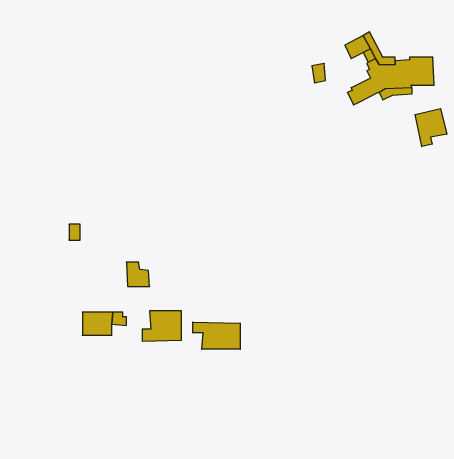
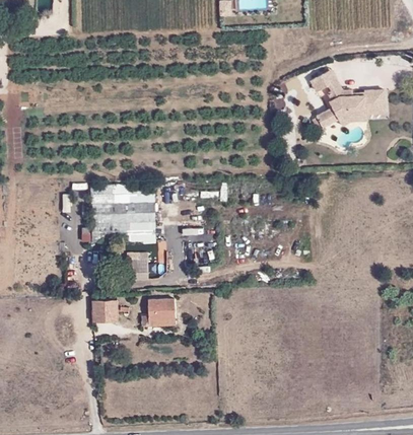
building: [415,109,447,147] -> none
building: [193,322,240,349] -> none

